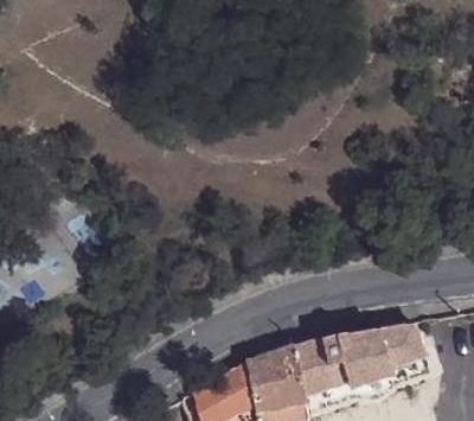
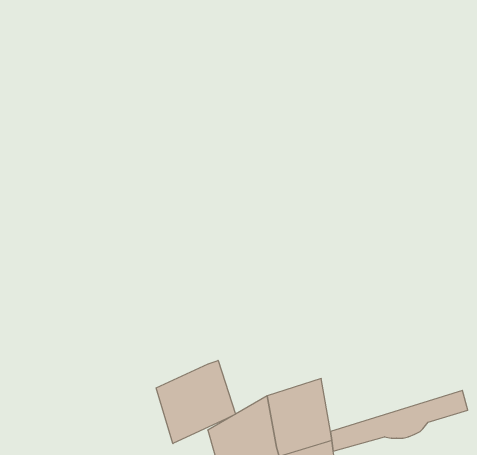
building: [295,321,422,389] -> none
building: none -> [156,360,235,444]

